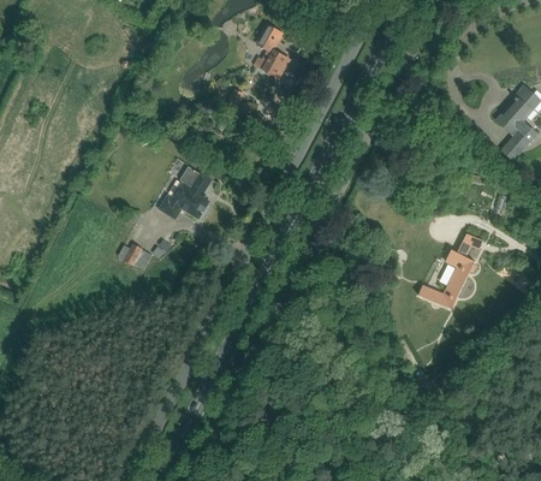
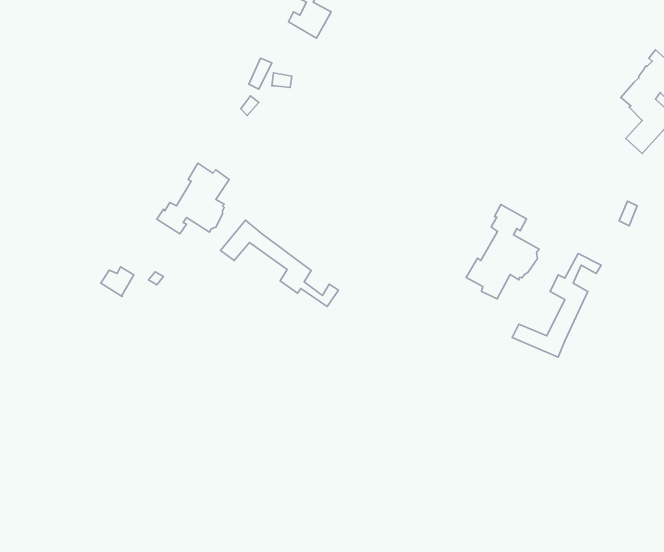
building: none -> [466,204,539,299]
building: none -> [220,220,338,307]

